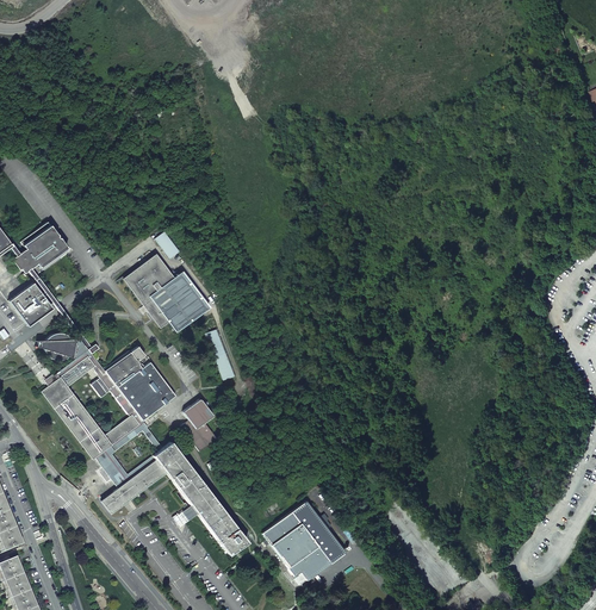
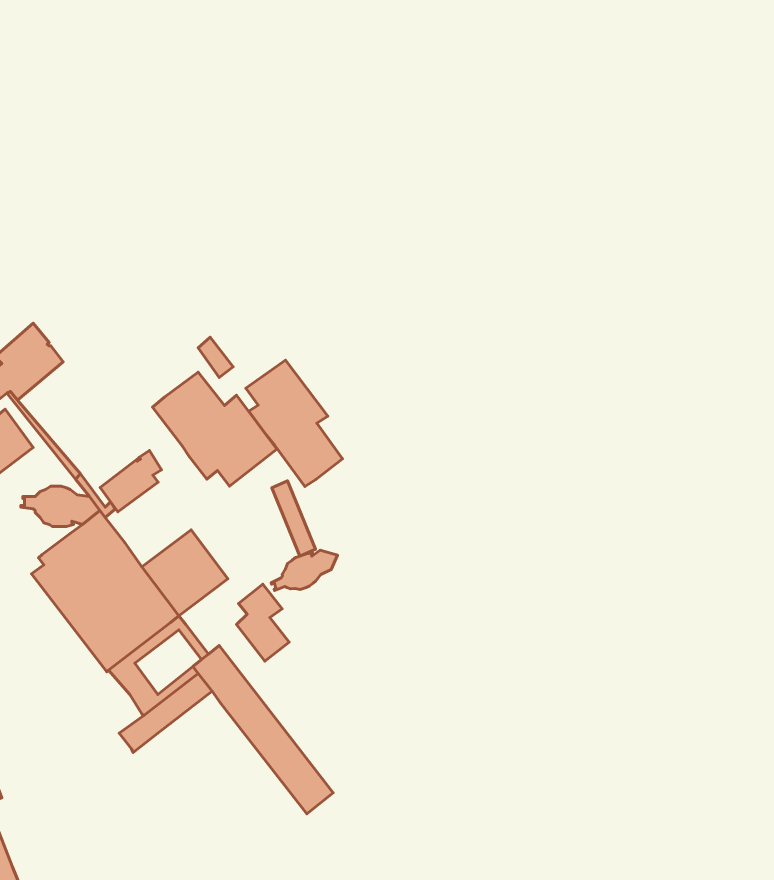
building: none -> [246,360,343,486]
building: [106,346,148,387] -> [100,451,162,512]
building: none -> [271,550,337,590]
building: [263,500,346,580] -> none

